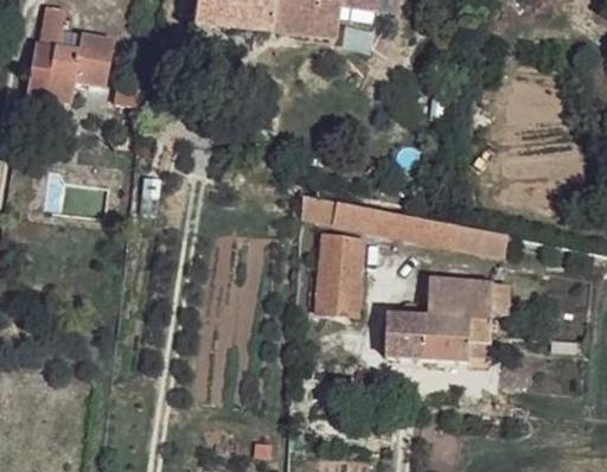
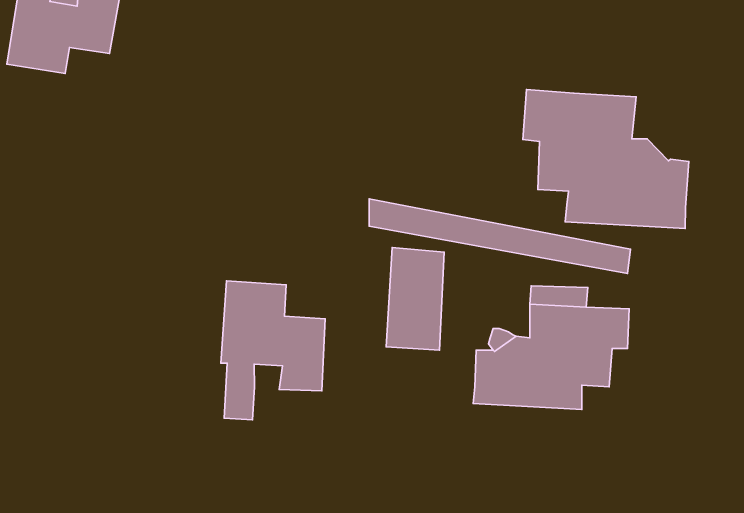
building: none -> [523,89,689,229]
building: none -> [221,281,325,420]

